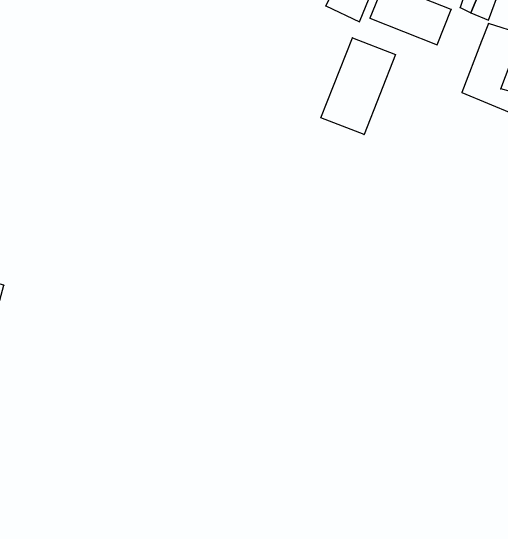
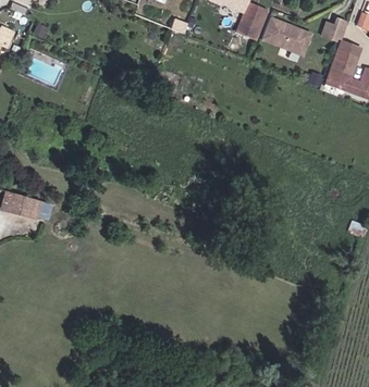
building: [321,38,396,135] -> none

